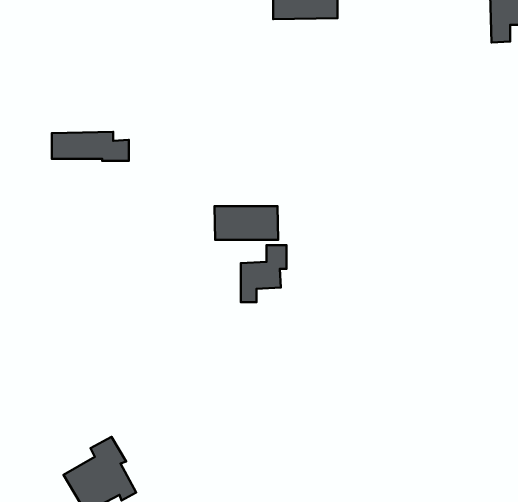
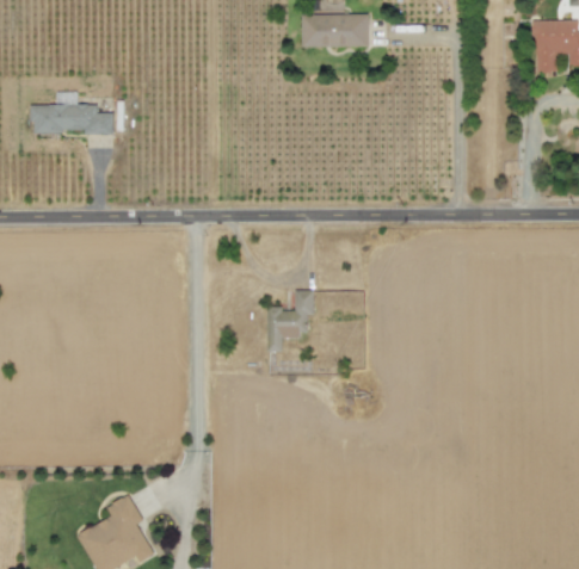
building: [52,132,129,161] -> [31,104,113,135]
building: [215,206,278,240] -> none

